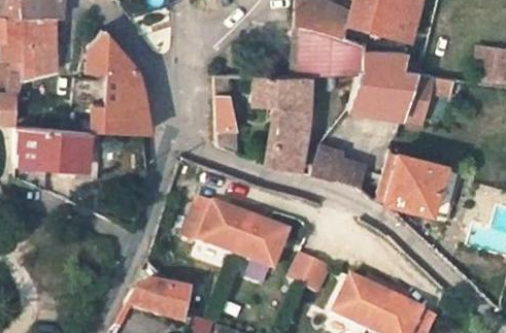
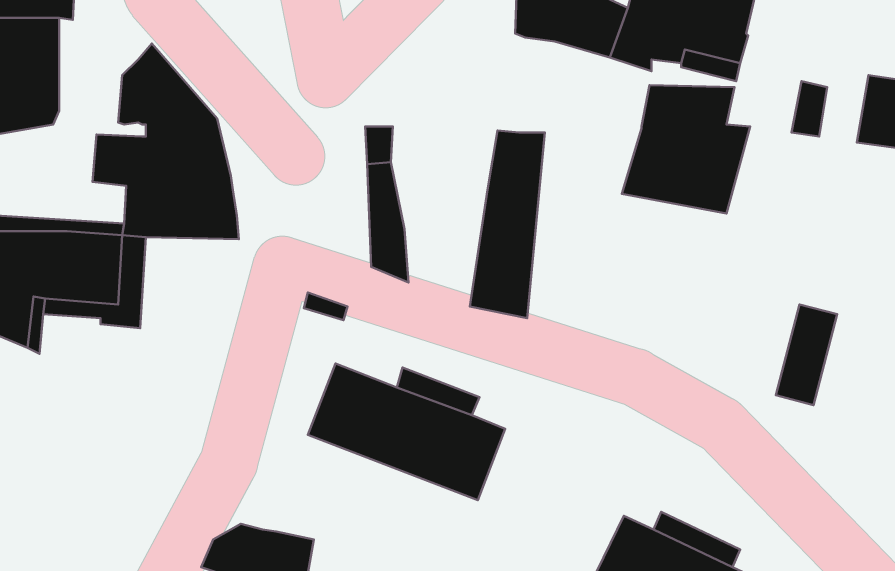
building: [296,27,365,76] -> none
building: [404,73,436,123] -> none
building: [252,74,284,106] -> none
building: [310,143,365,186] -> none
building: [384,155,442,213] -> none
building: [290,253,331,292] -> none

